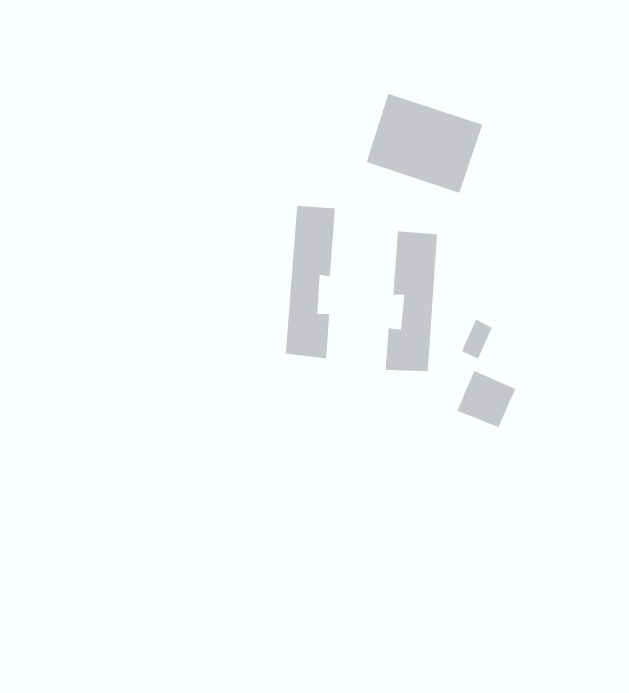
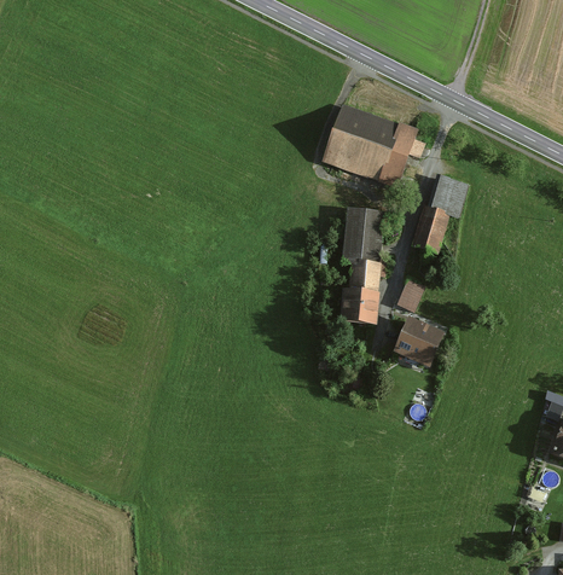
building: none -> [413,178,465,250]
building: [285,205,335,359] -> none

